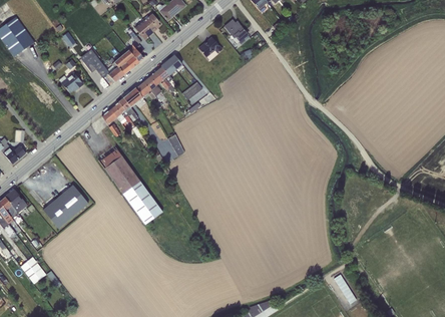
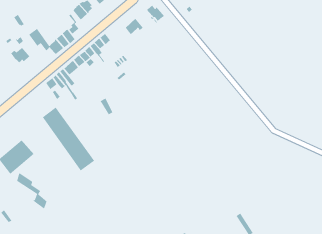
building: none -> [16,172,48,210]

